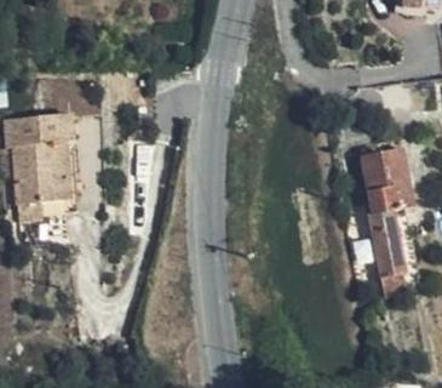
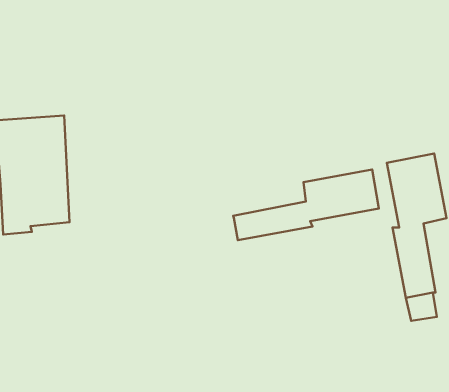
building: none -> [233,169,379,240]

